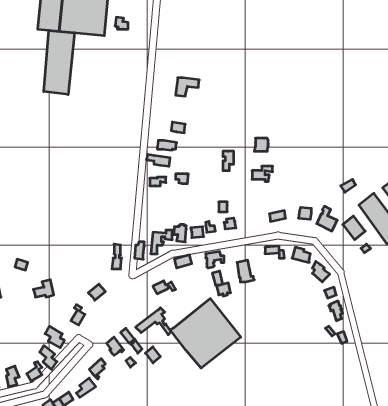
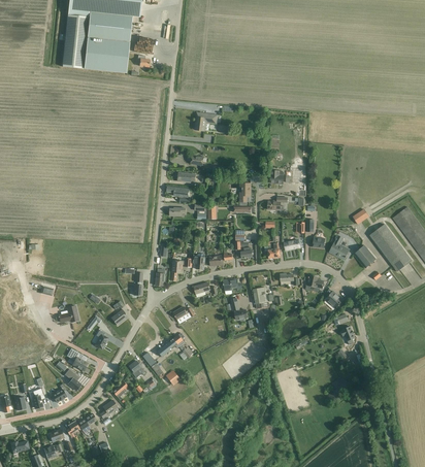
building: [44,30,75,95] -> none
building: [170,299,241,368] -> none

